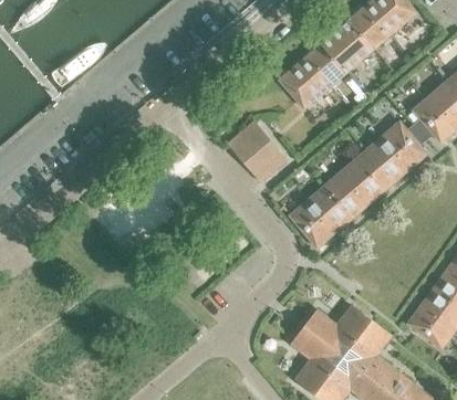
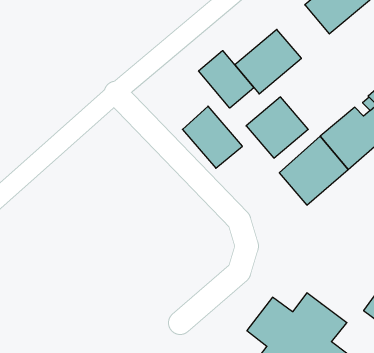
building: [321,20,373,73] -> none
building: none -> [199,51,254,108]
building: [289,187,351,248] -> [246,97,308,158]

